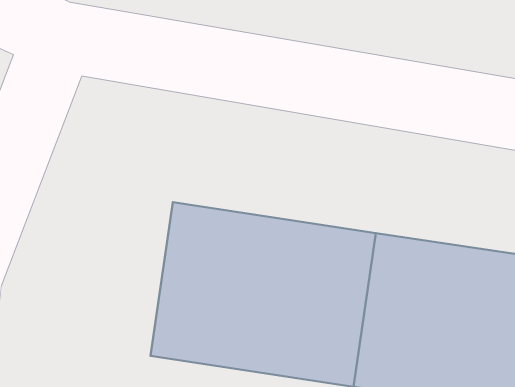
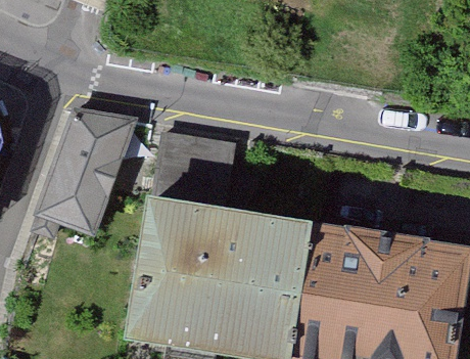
building: none -> [41,110,135,233]

